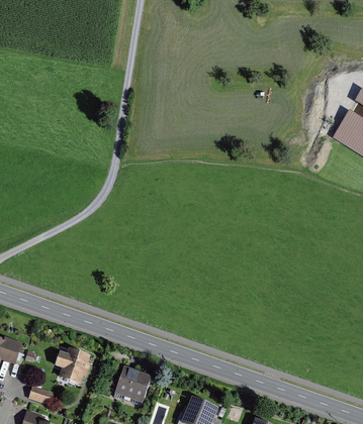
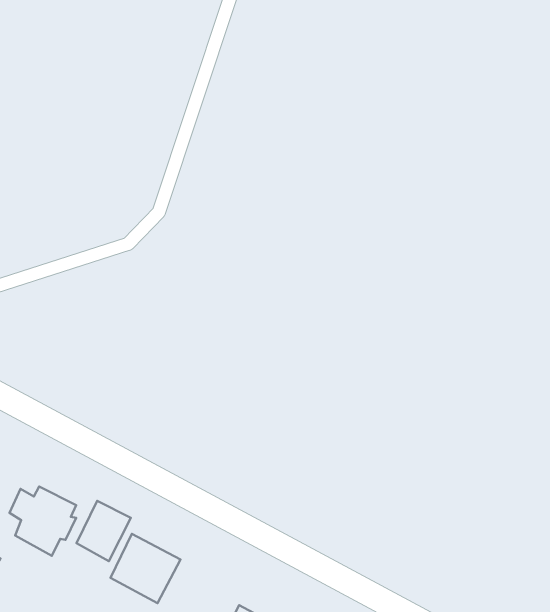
building: none -> [76,501,131,561]

